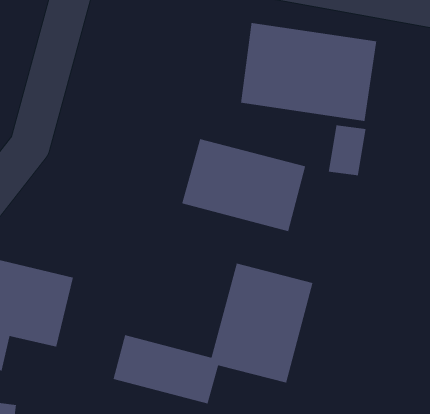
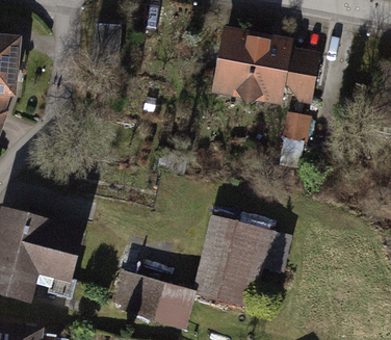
building: [181,138,306,232] -> none

